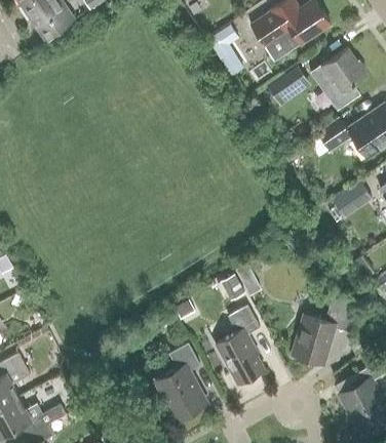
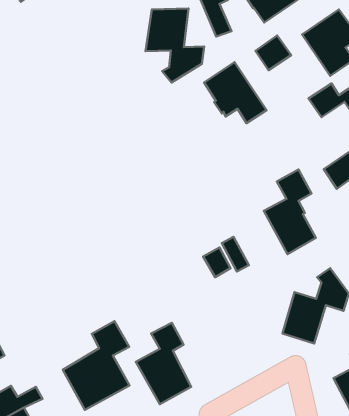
building: none -> [146,8,204,83]
building: none -> [204,62,266,123]
building: [215,305,264,385] -> [264,169,316,254]
building: none -> [63,321,130,410]

